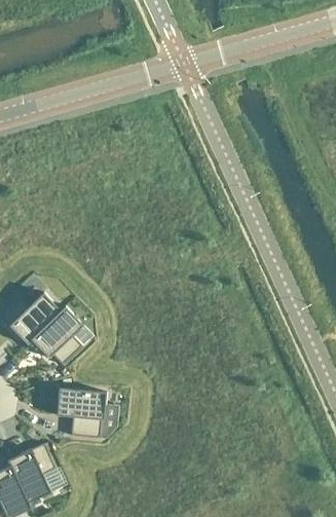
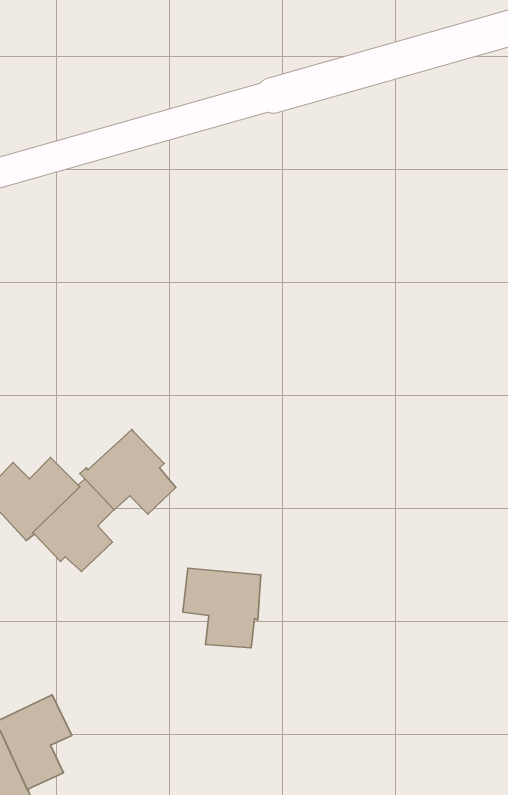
building: none -> [80,430,176,514]
building: [57,386,106,437] -> [183,568,261,648]

